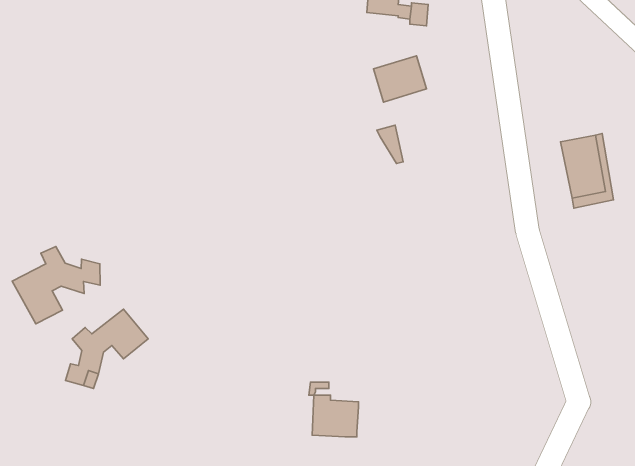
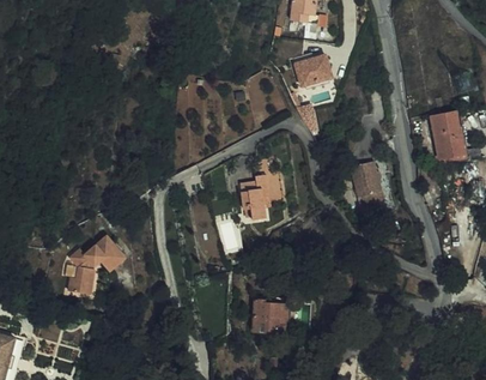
building: none -> [351,158,379,201]
building: none -> [239,159,279,222]
building: [12,246,100,324] -> none

